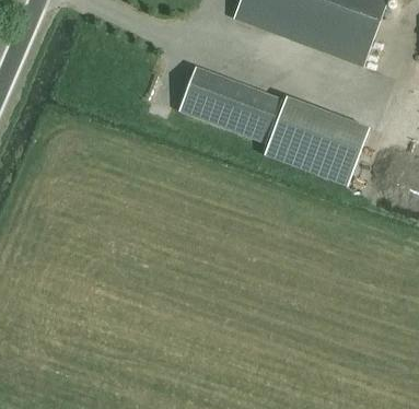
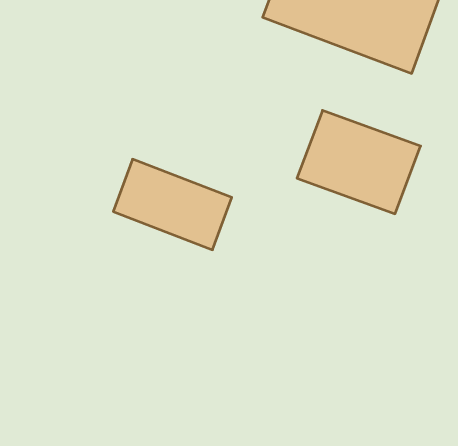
building: [179,66,281,143] -> [113,159,232,250]

